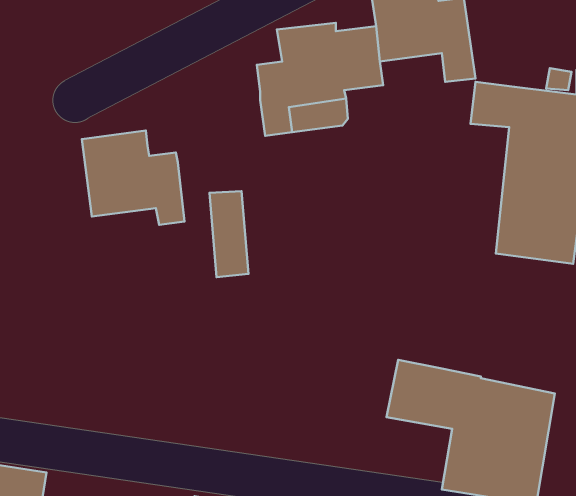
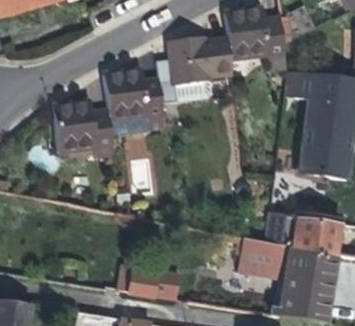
building: none -> [104,69,165,130]
building: none -> [267,214,342,257]
building: none -> [119,265,181,300]

